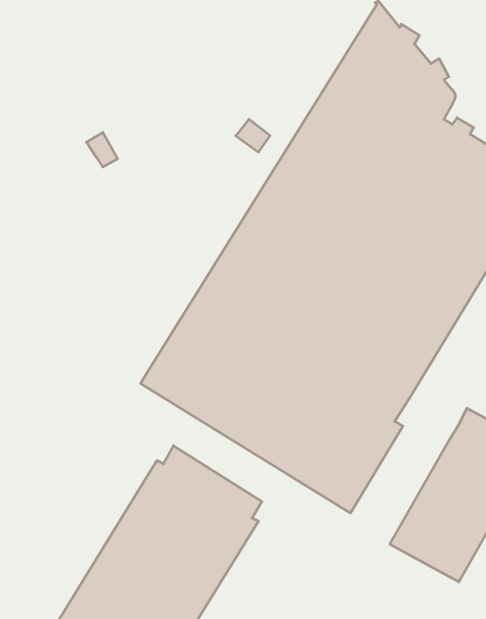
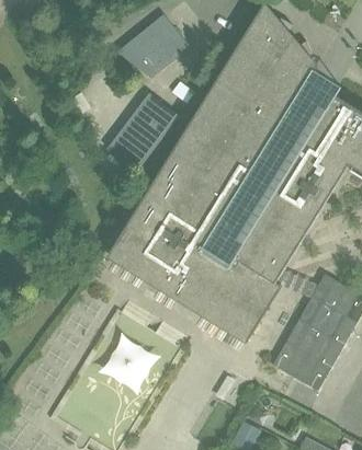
building: none -> [126,16,186,73]
building: none -> [106,95,176,172]

